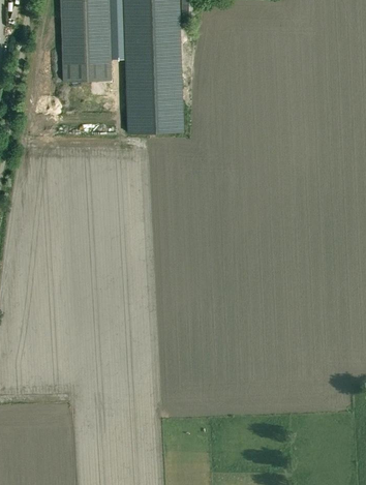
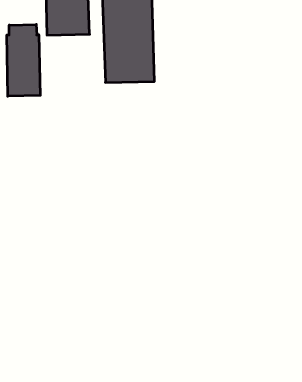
building: none -> [7,24,40,96]

